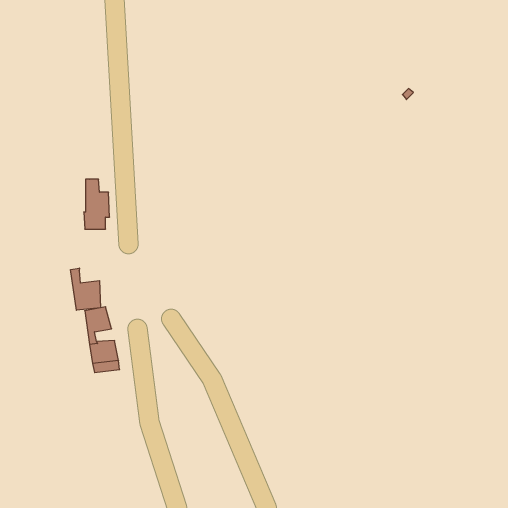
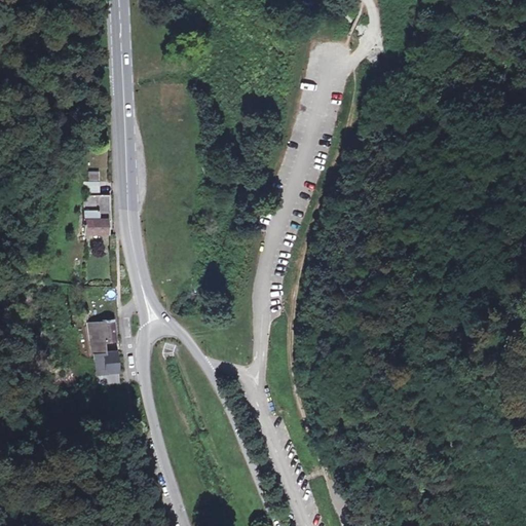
building: [71,268,100,310] -> none

